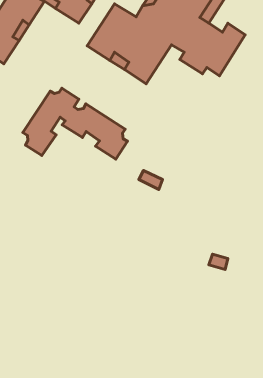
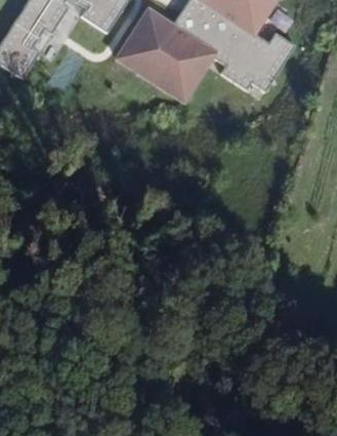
building: [23,88,128,159] -> none

